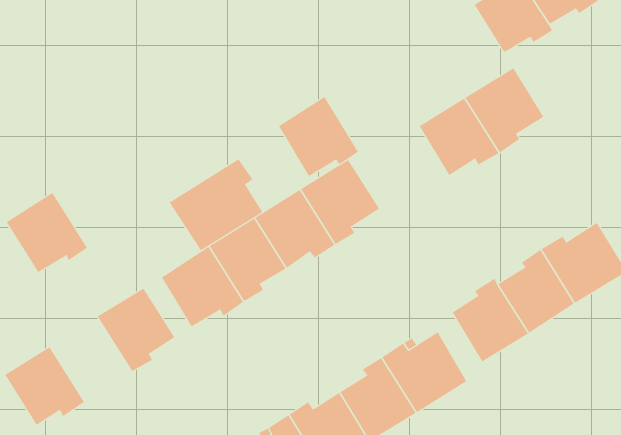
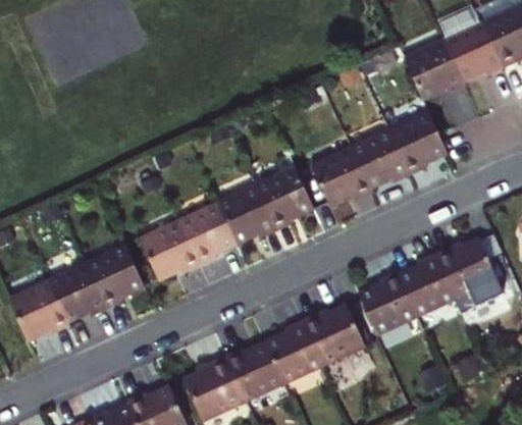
building: [278,96,359,177] -> [312,148,371,208]
building: [169,159,263,251] -> none
building: [6,192,88,273] -> [47,262,107,322]

